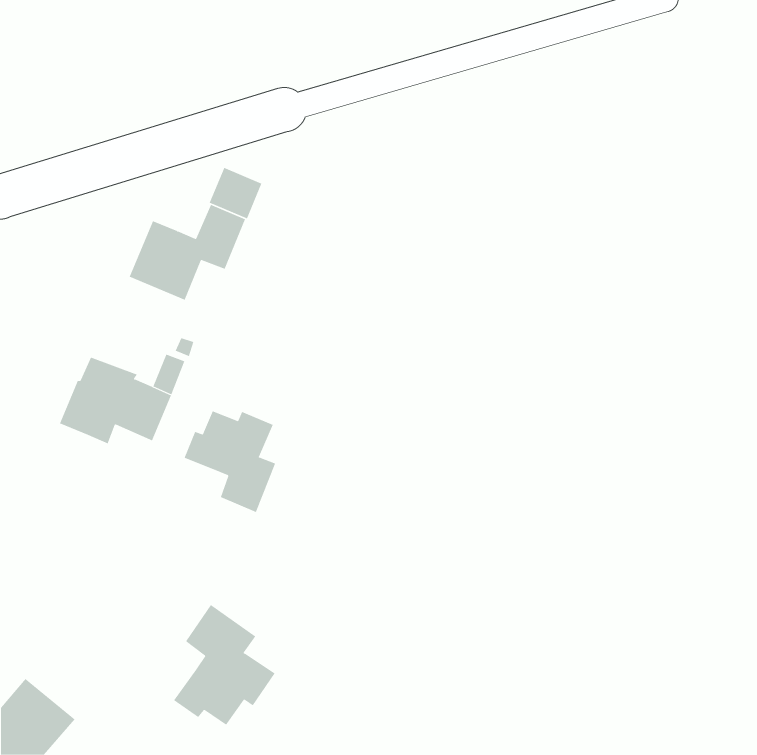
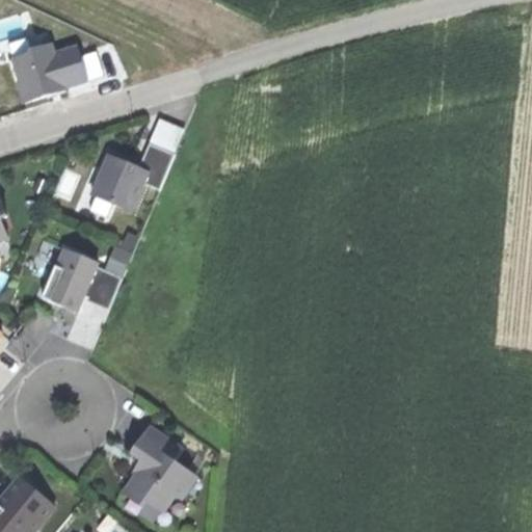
building: none -> [12,43,87,101]
building: [184,410,276,513] -> none

